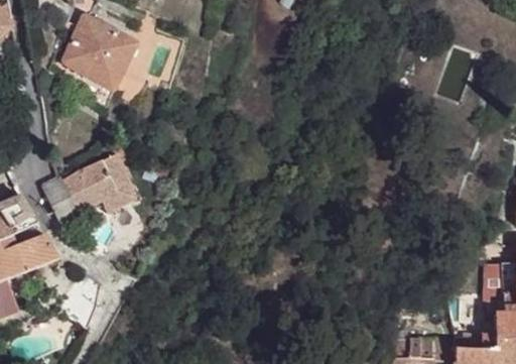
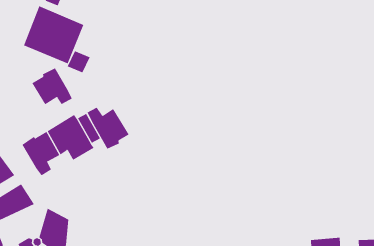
building: none -> [31,67,72,105]
building: none -> [87,107,130,150]

